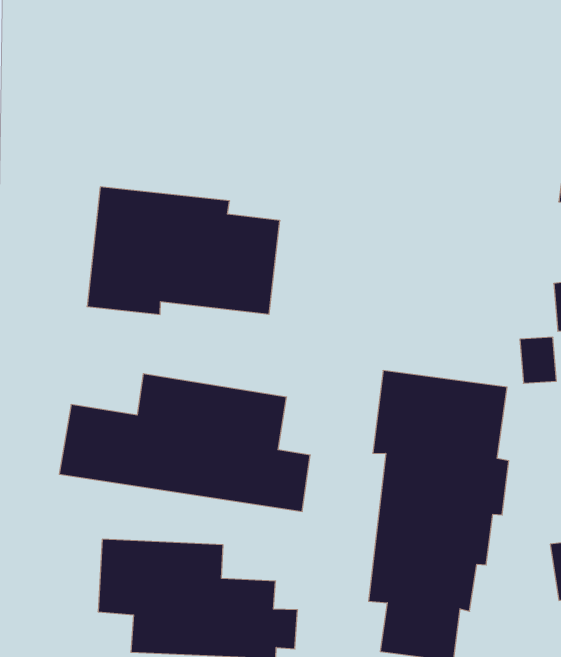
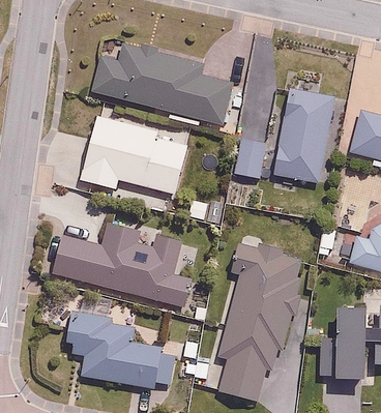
building: none -> [91,42,237,129]
building: none -> [230,87,338,184]

